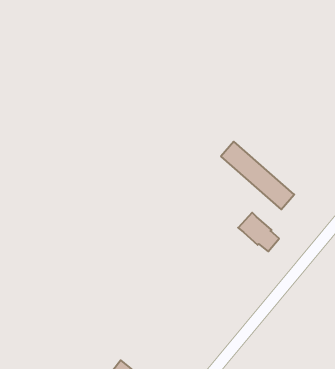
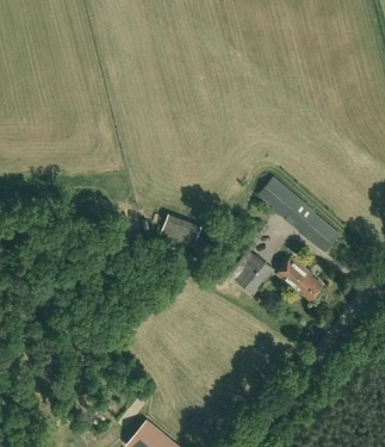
building: none -> [163,217,201,244]
building: none -> [234,254,273,294]

